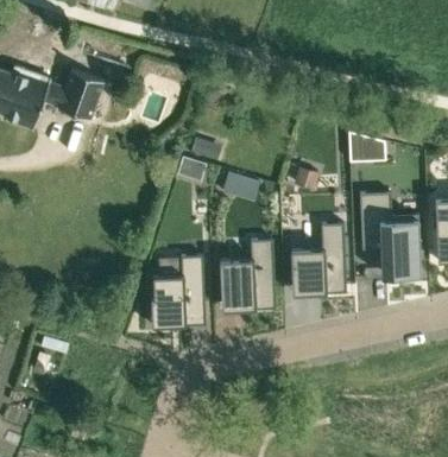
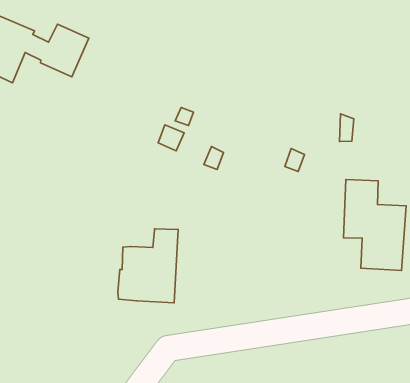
building: [290,223,346,293] -> none
building: [220,237,276,310] -> none

